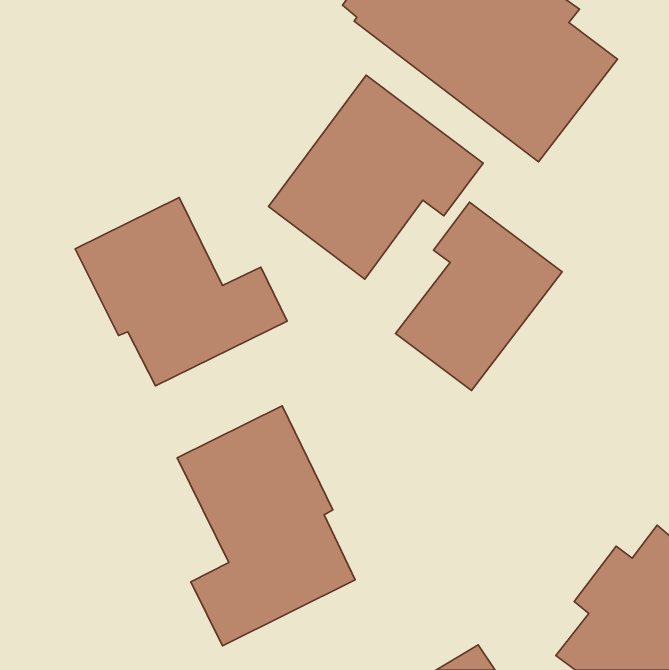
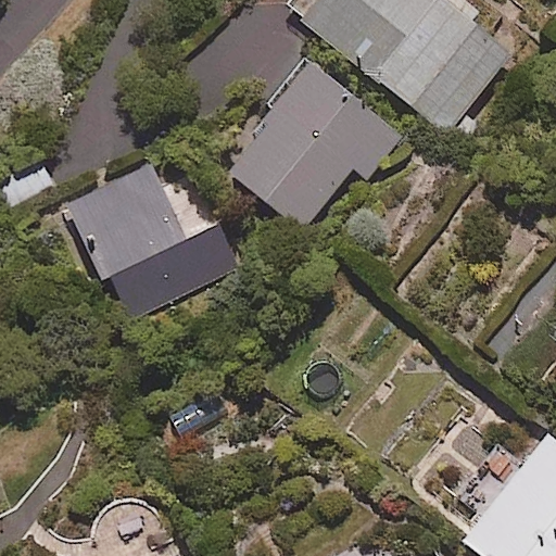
building: [395,202,562,390] -> none
building: [177,406,355,646] -> none

